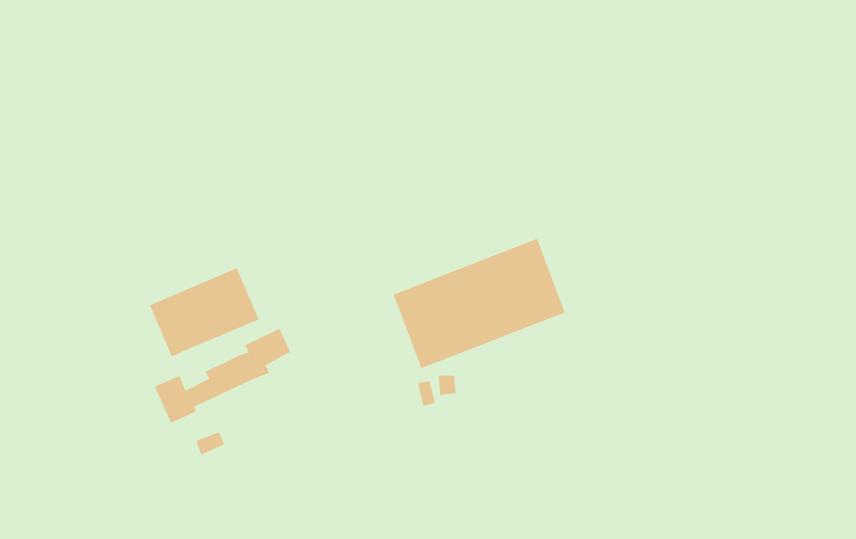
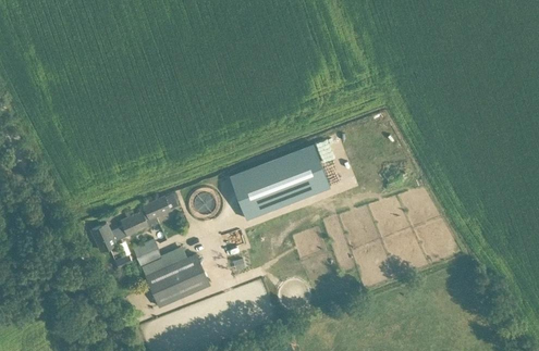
building: [149,267,260,357] -> [145,254,209,306]
building: none -> [133,239,161,267]

